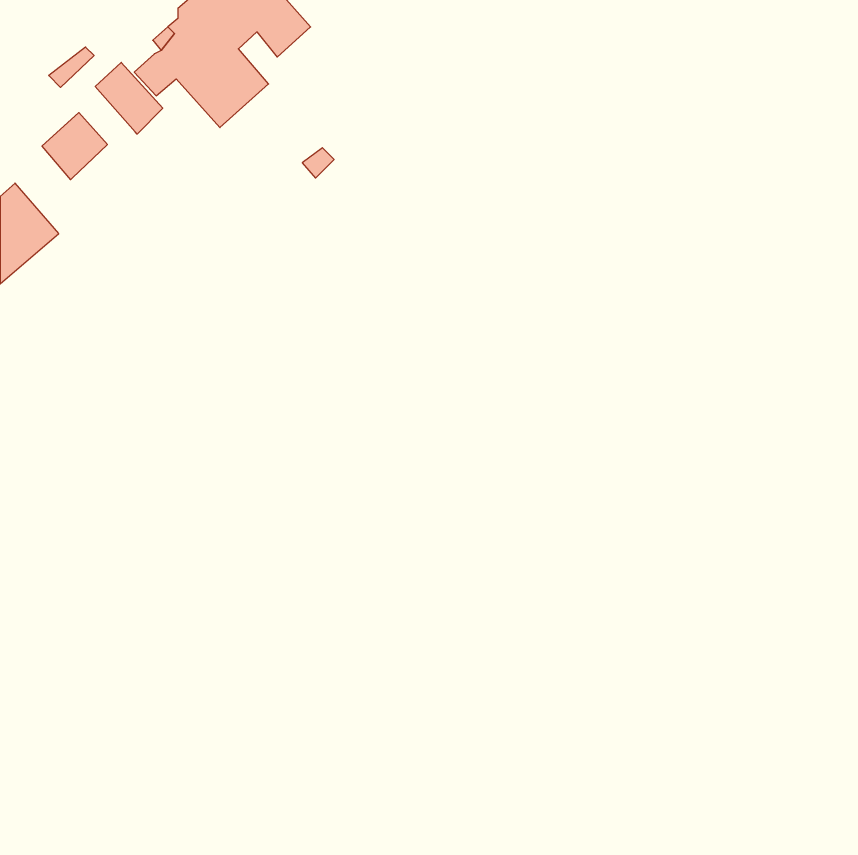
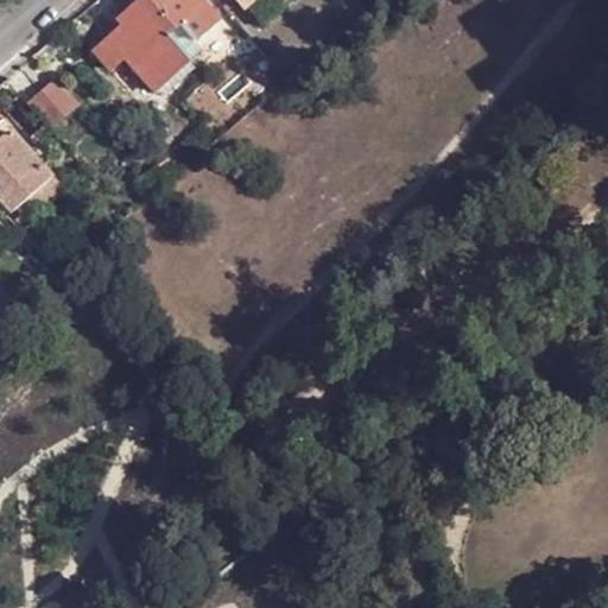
building: [95,62,163,134] -> none

